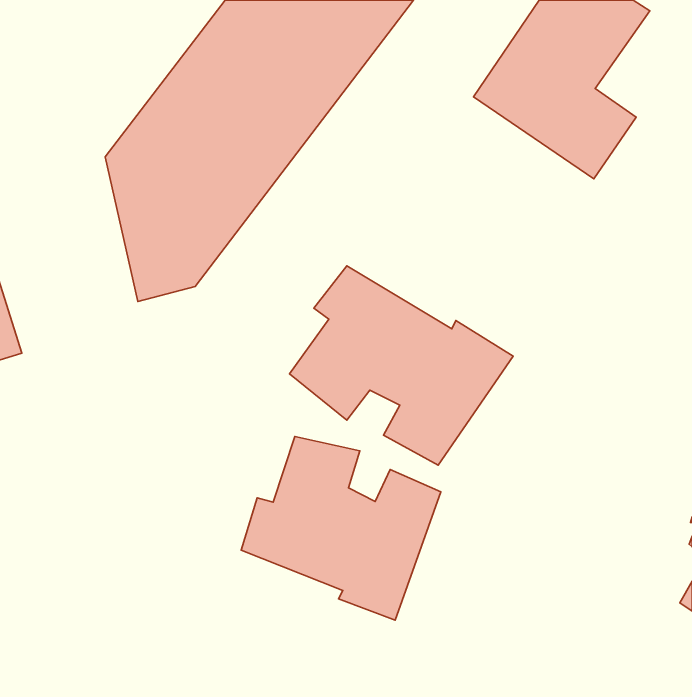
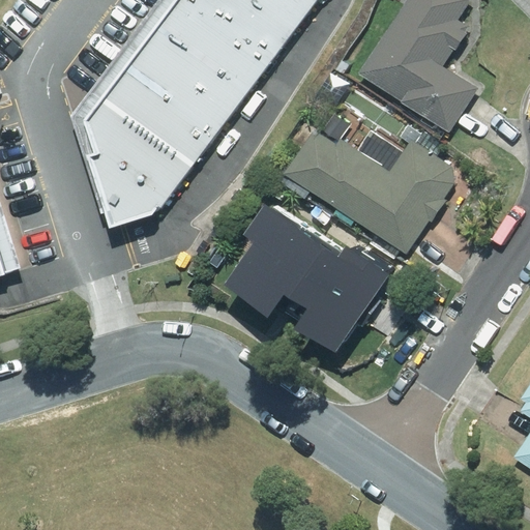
building: none -> [293,111,464,251]
building: [241,437,441,620] -> none

